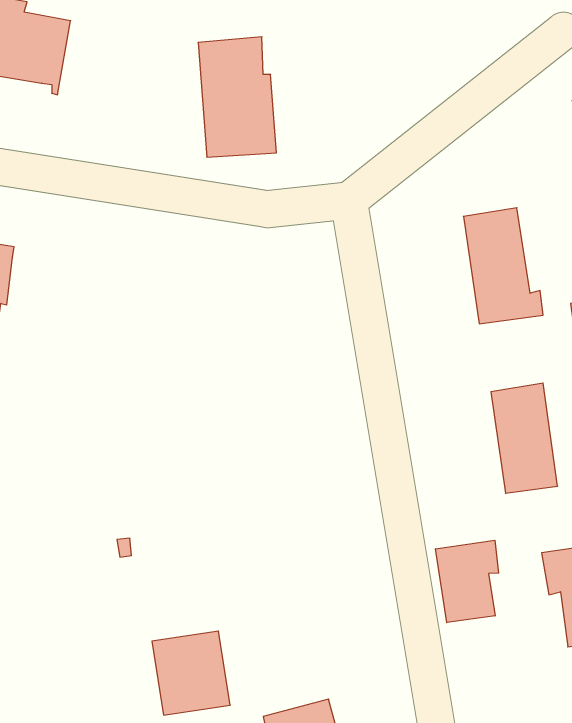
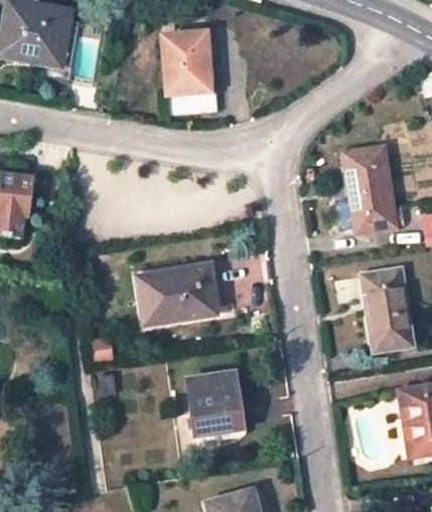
building: none -> [137,266,214,322]
building: [436,540,499,623] -> none
building: [152,631,230,715] -> [187,374,242,433]

